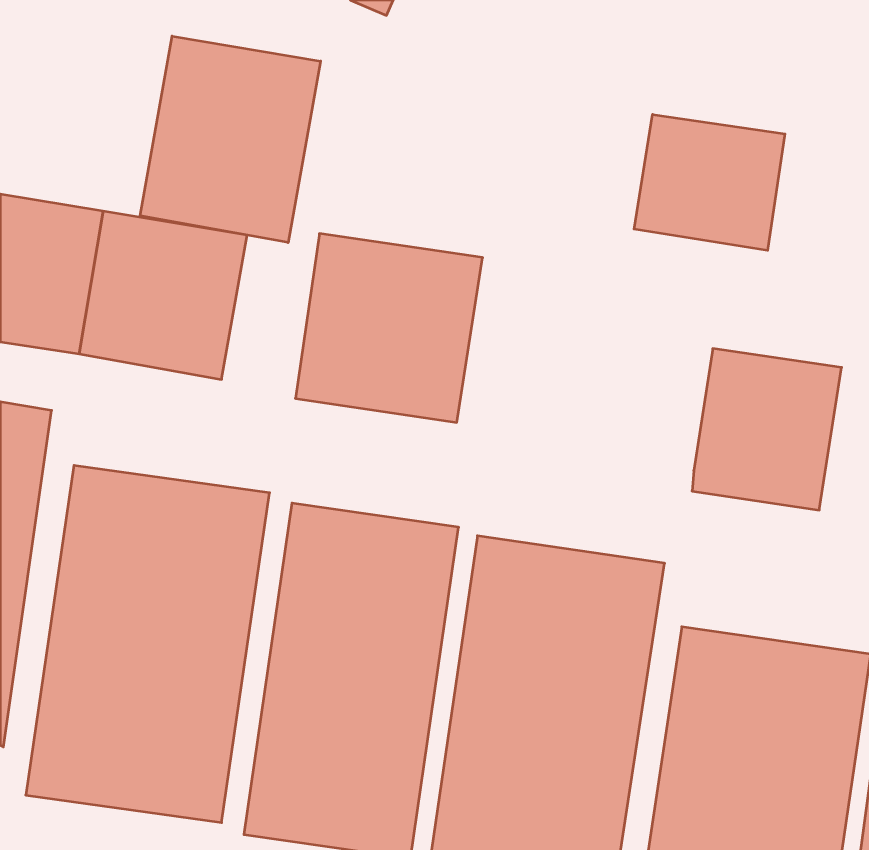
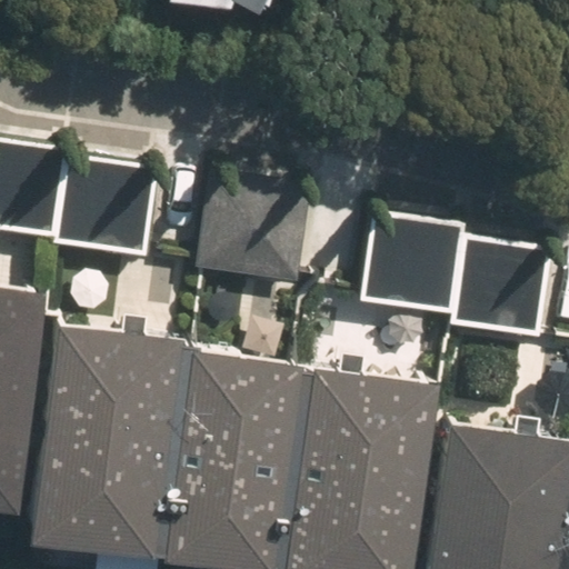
building: [140,36,321,243] -> none
building: [634,114,785,250] -> none
building: none -> [360,212,469,322]

